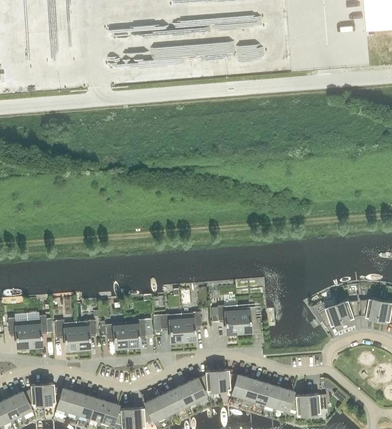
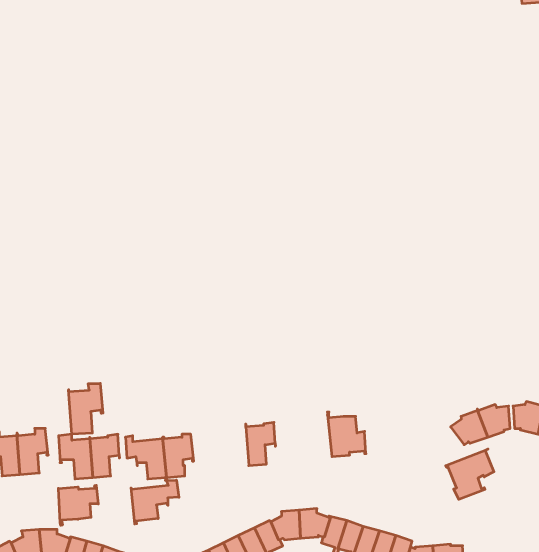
building: none -> [69,383,103,434]
building: [217,306,239,335] -> none
building: [160,313,183,342] -> none
building: none -> [446,449,494,499]
building: none -> [131,480,179,524]
building: none -> [58,485,98,525]

